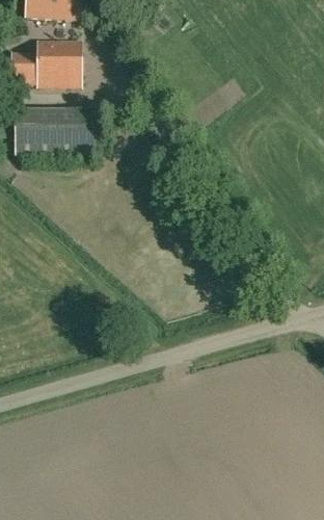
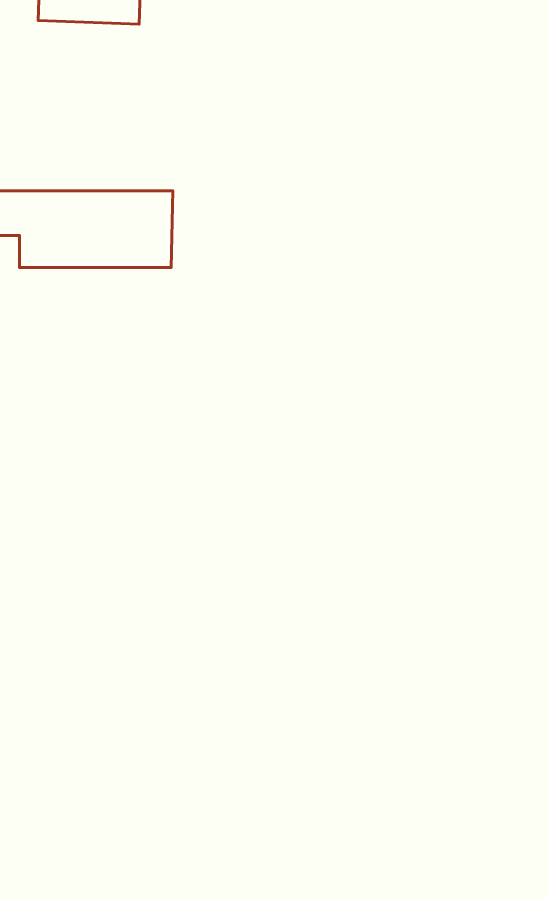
building: [10,40,80,86] -> none

